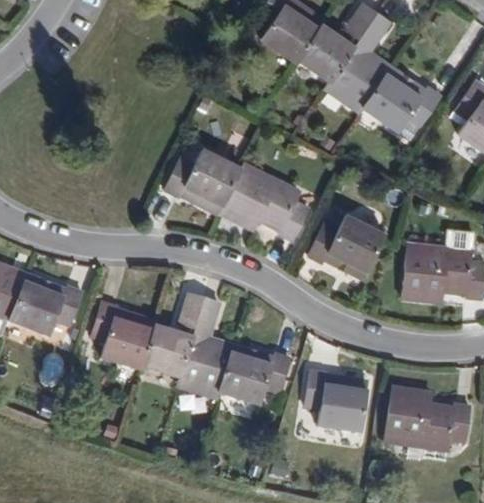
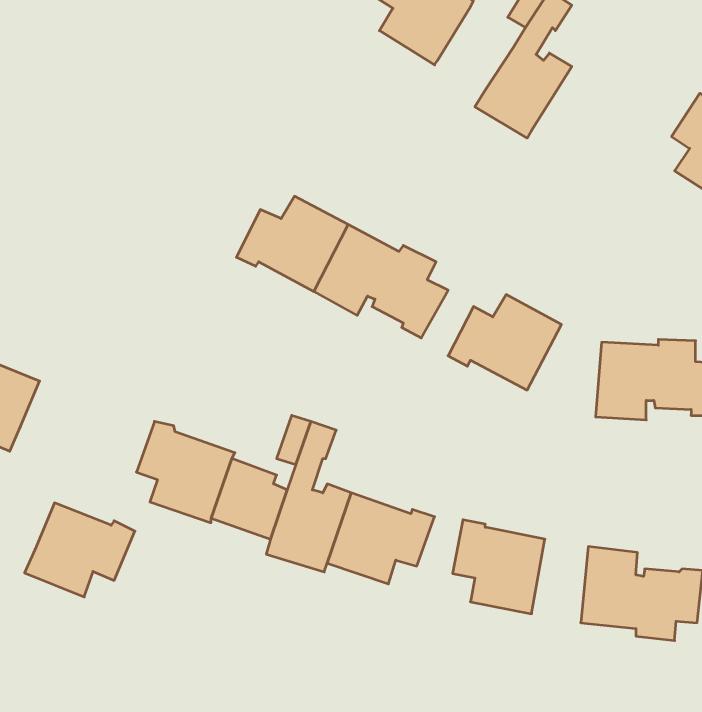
building: [297,23,348,79] -> none
building: [360,63,438,129] -> none
building: [10,274,84,337] -> [25,503,135,597]

